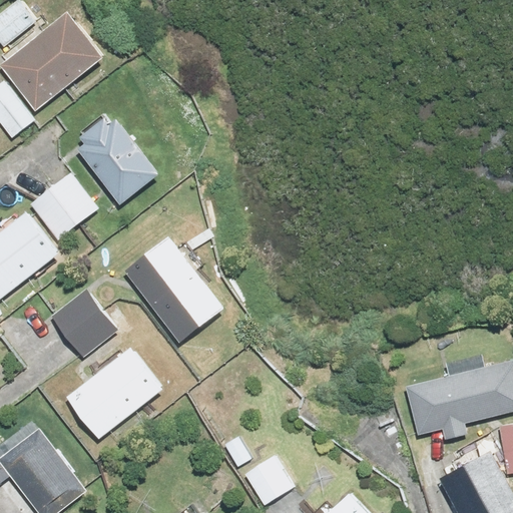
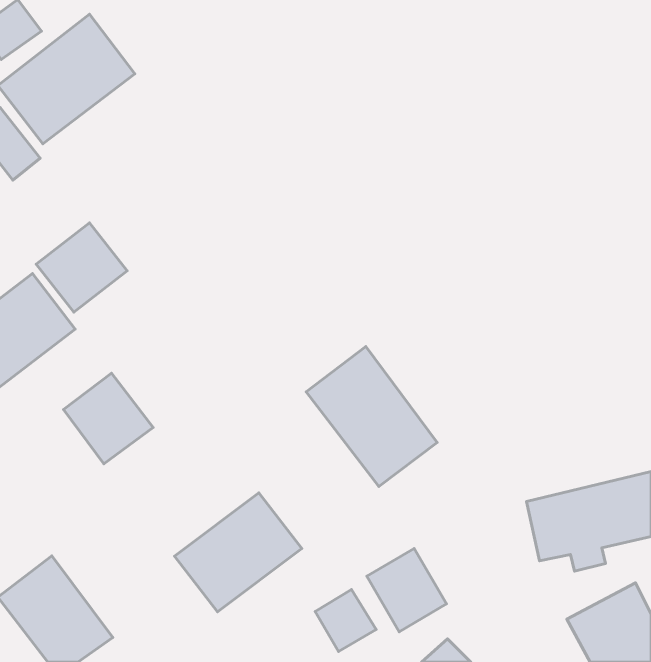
building: [74,110,155,197] -> none
building: [123,235,224,344] -> [306,347,437,487]
building: [65,348,163,440] -> [175,493,302,612]
building: none -> [367,548,447,632]

